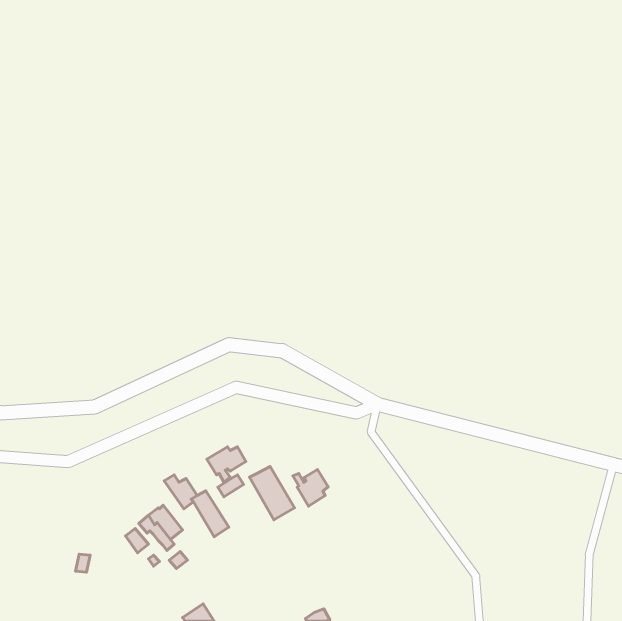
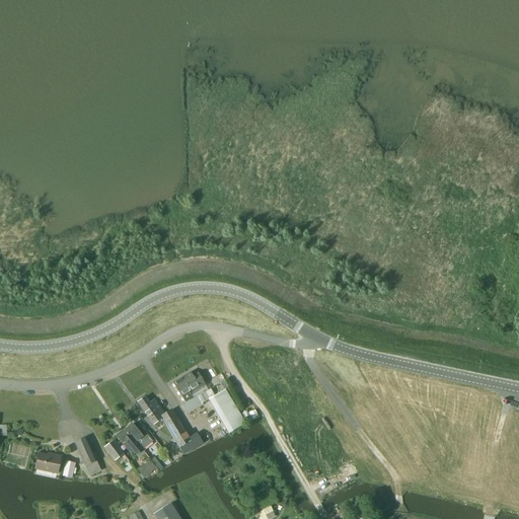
building: [293,470,328,506] -> none
building: none -> [74,437,100,474]
building: none -> [34,452,61,473]

